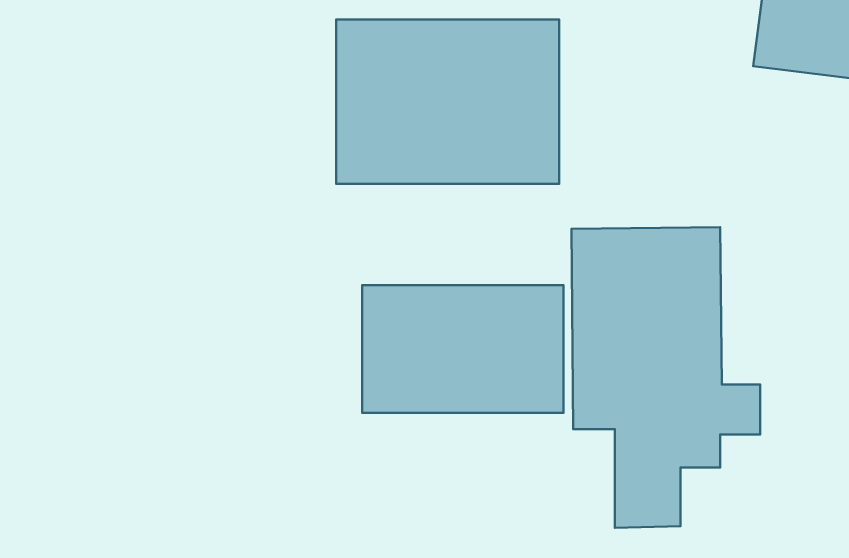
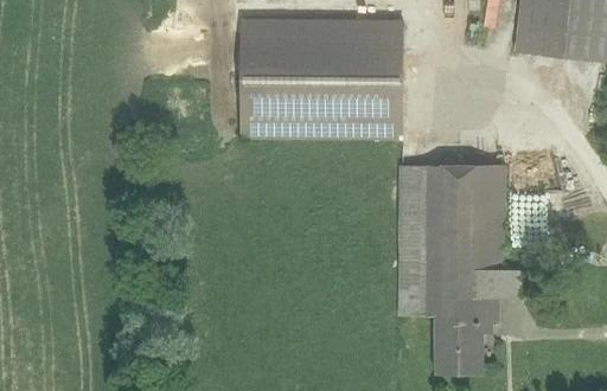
building: [362,285,564,413] -> none

